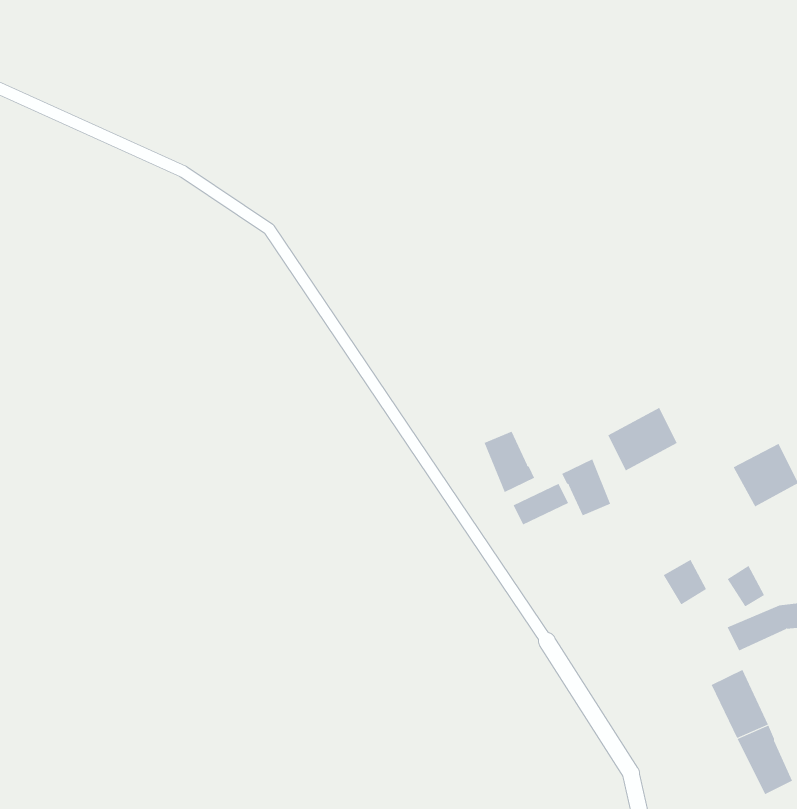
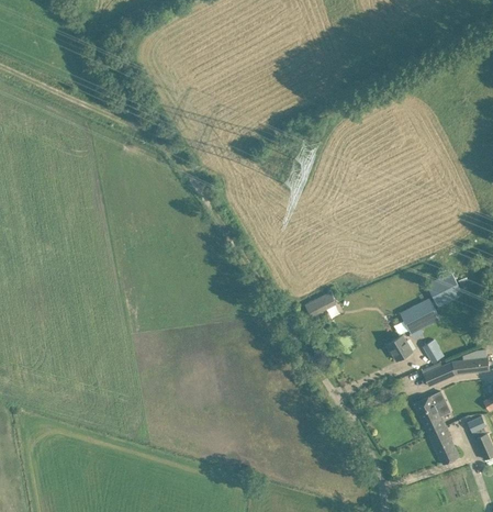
building: [608,407,677,471] -> [401,299,439,334]
building: [484,431,535,493] -> none
building: [562,459,611,516] -> none

